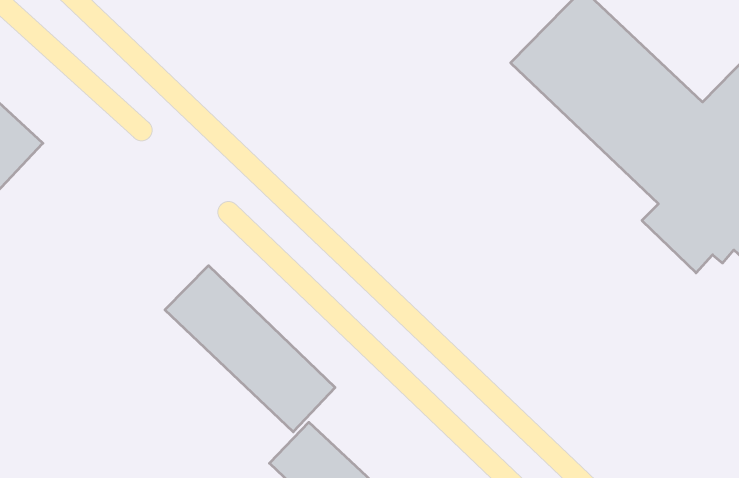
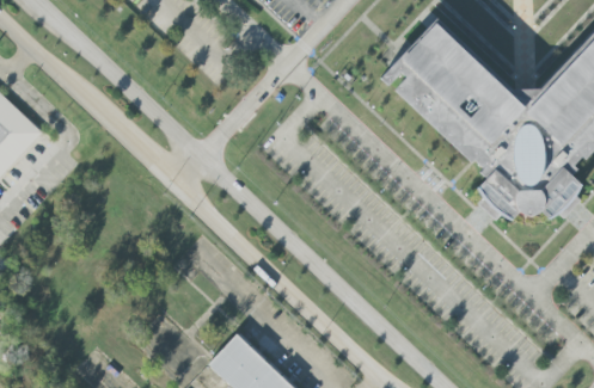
building: [165,266,335,432] -> none

